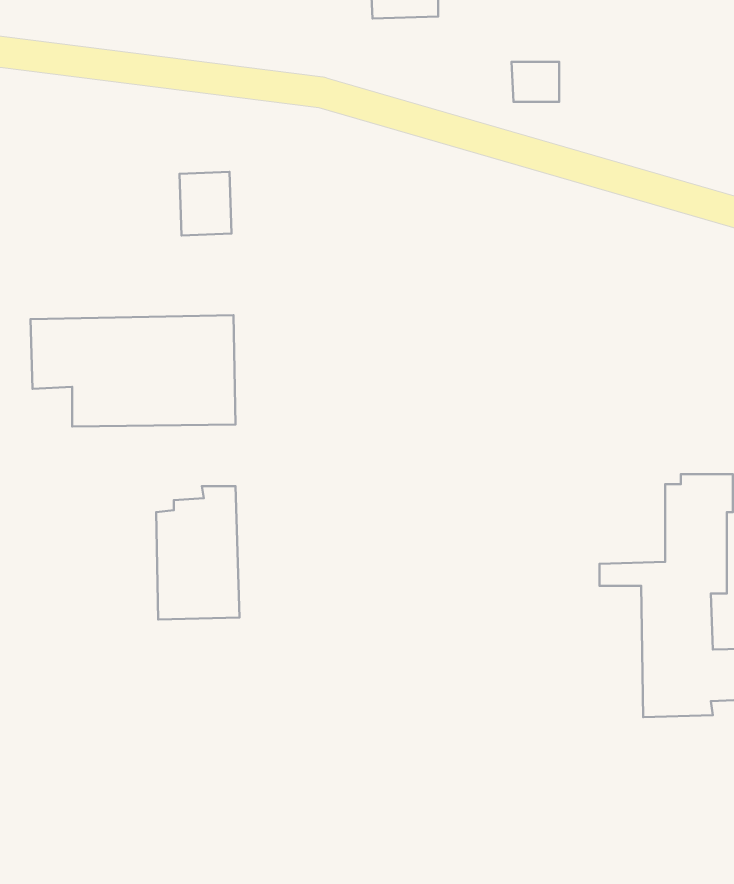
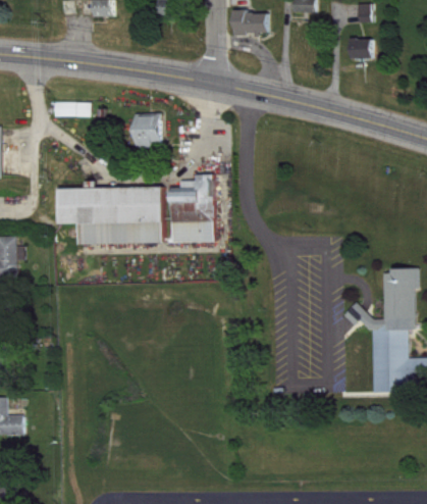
building: [511,62,559,102] -> [348,39,372,59]
building: none -> [52,102,89,117]
building: [156,486,240,620] -> [170,174,213,243]

